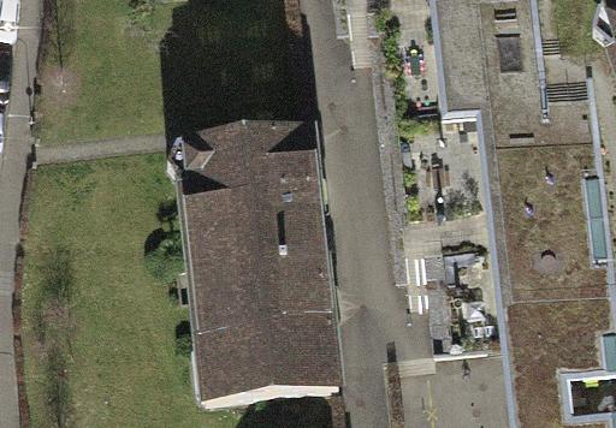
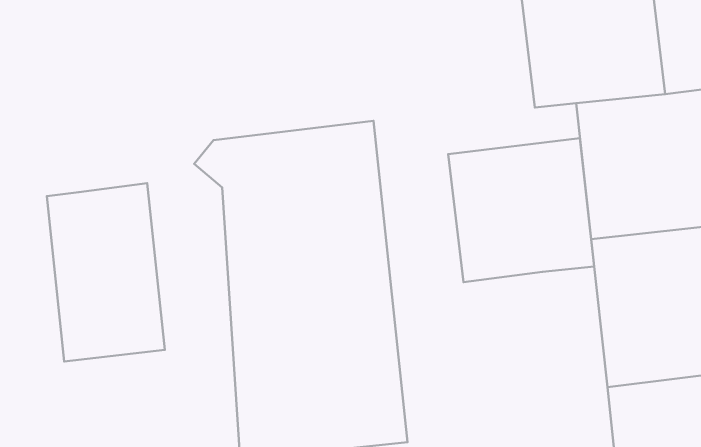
building: none -> [448,138,594,282]
building: none -> [47,183,165,361]

